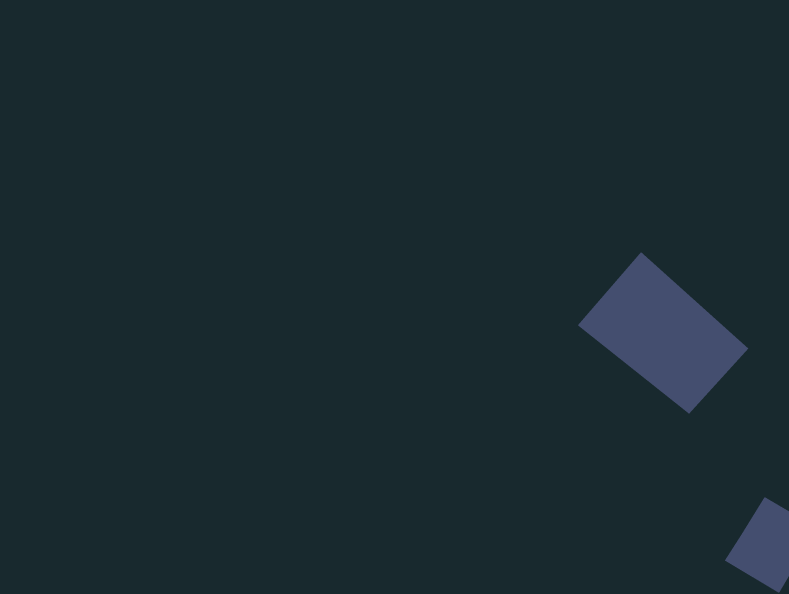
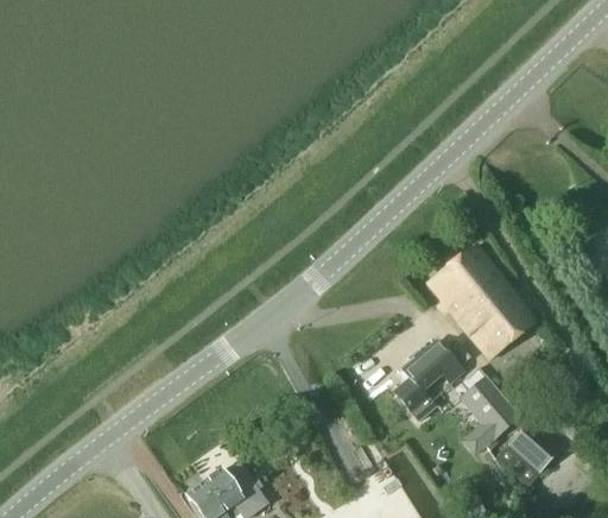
building: none -> [395,341,462,421]
building: none -> [463,378,519,455]

